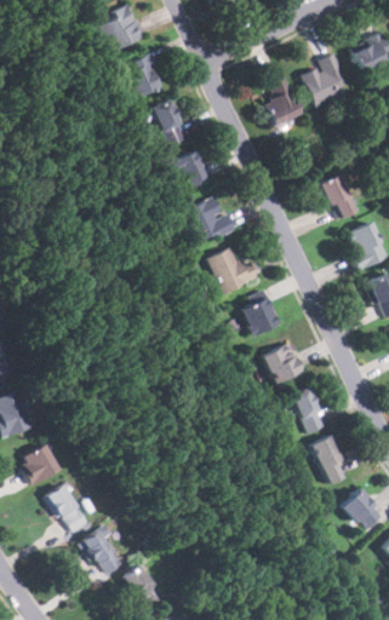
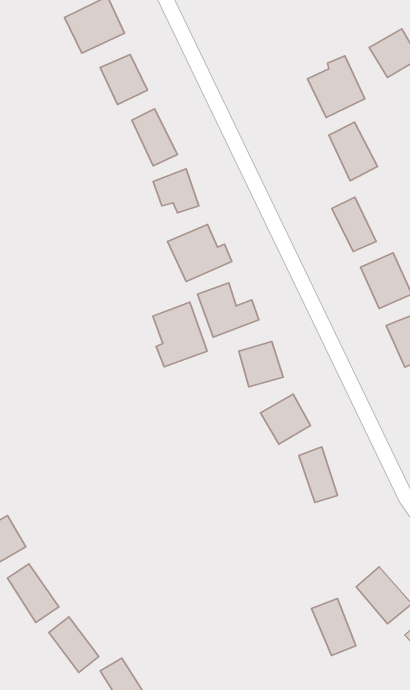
building: [262,75,303,125] -> [329,122,377,181]
building: none -> [153,302,207,367]
building: [310,436,348,484] -> [312,599,356,656]

